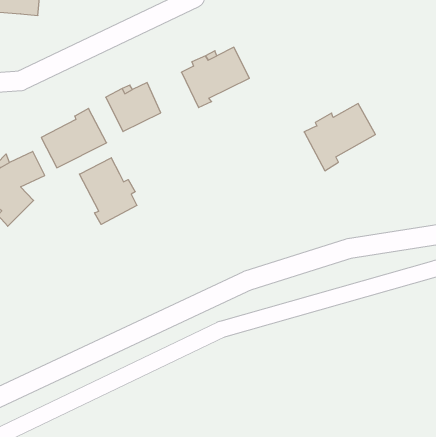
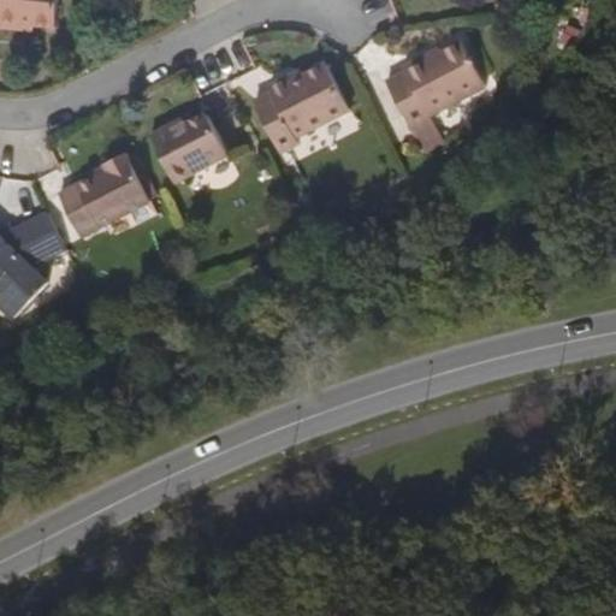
building: [304,104,375,171] -> [385,42,485,136]
building: [79,158,137,224] -> none

